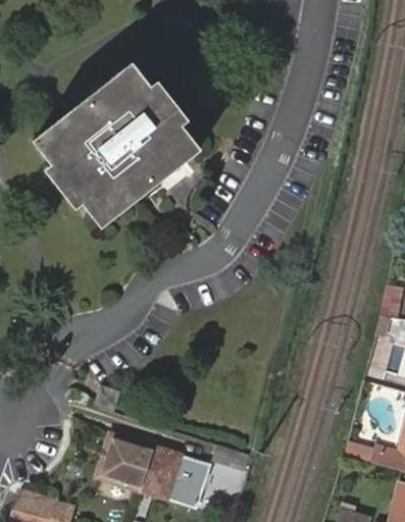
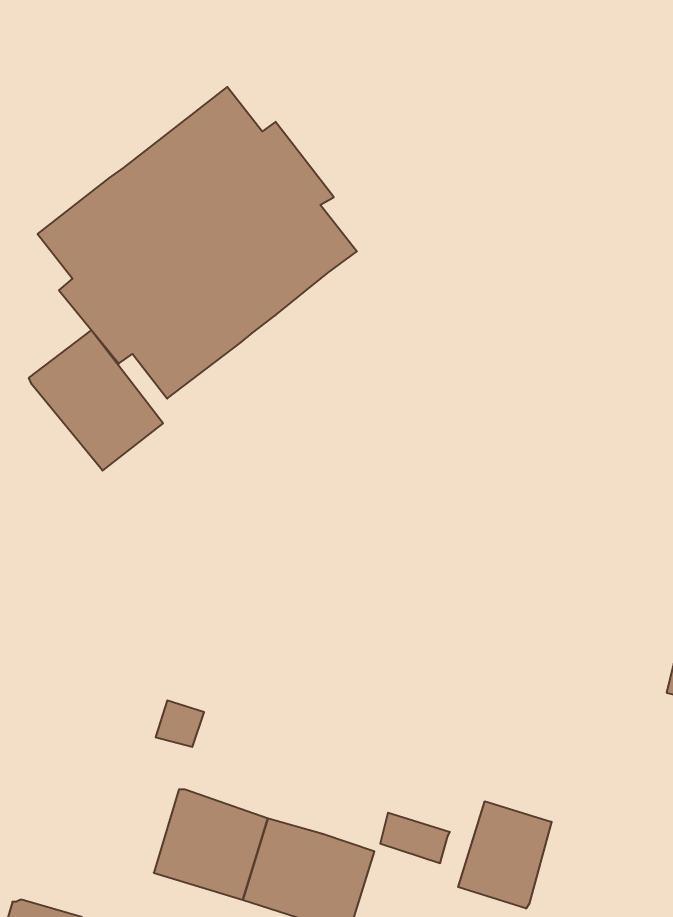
building: none -> [29,330,163,471]
building: none -> [458,801,552,909]

